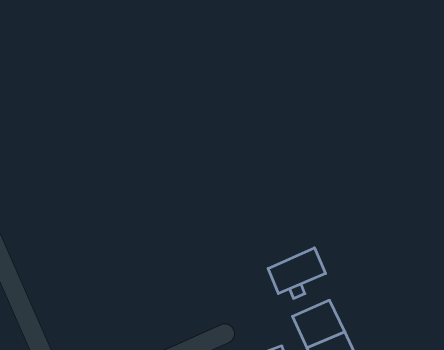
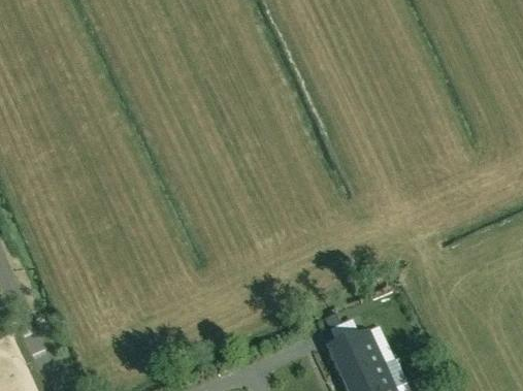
building: [268,248,326,294] -> none

